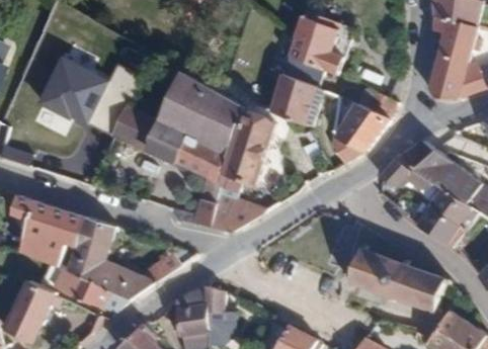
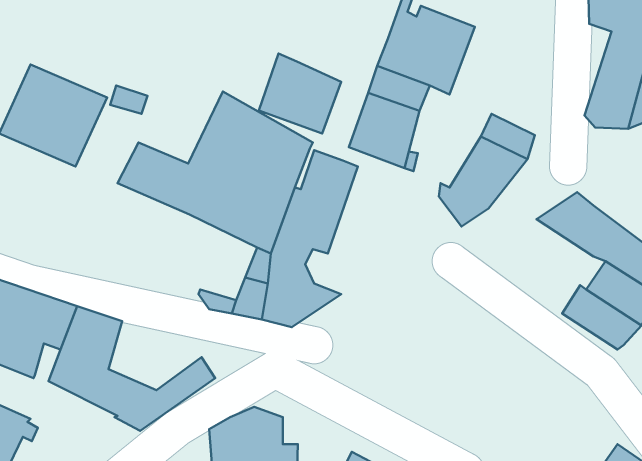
building: none -> [259,53,341,133]
building: [380,159,434,189] -> none
building: [350,249,445,312] -> none
building: [52,267,129,311] -> none

